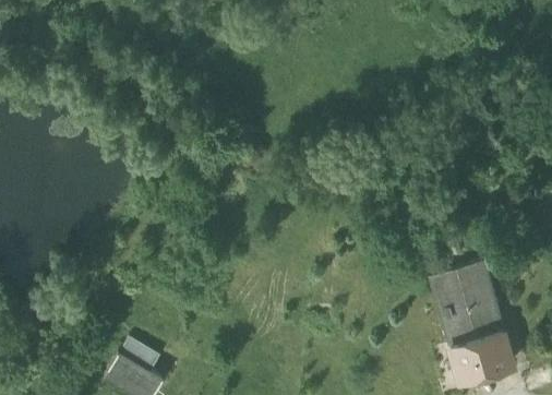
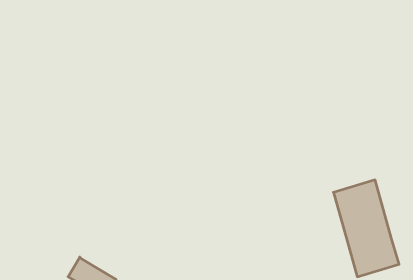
building: [121,342,161,376] -> none

